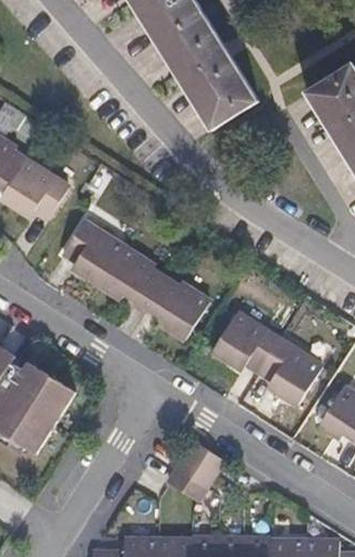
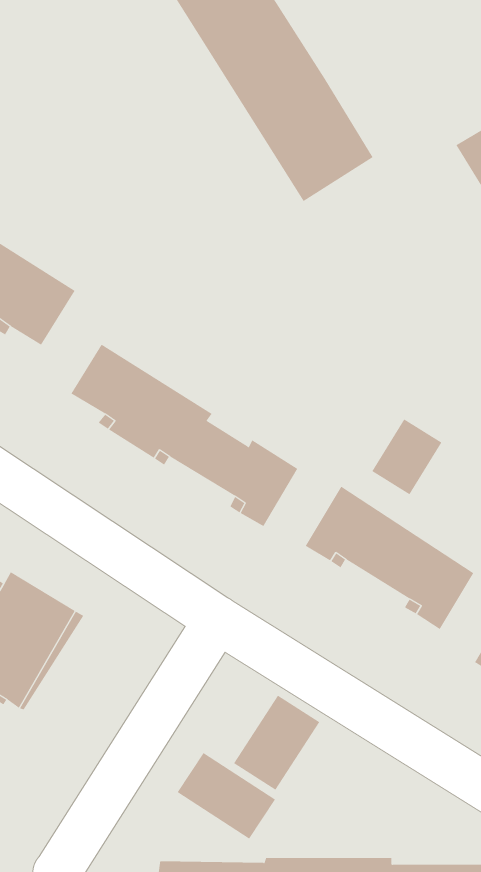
building: none -> [371,418,442,495]
building: none -> [177,752,276,839]

